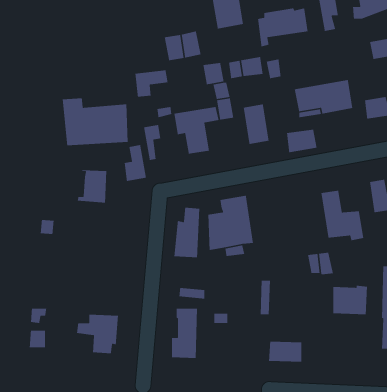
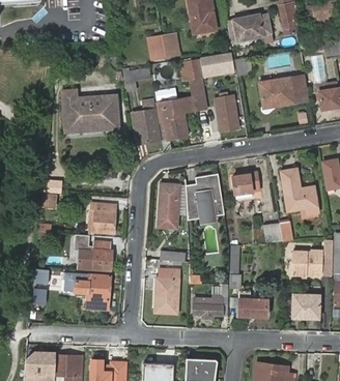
building: [286,129,318,153] -> [233,173,260,194]
building: [124,144,147,182] -> [140,111,160,143]
building: [77,169,107,203] -> [88,203,114,232]
building: none -> [78,240,112,269]
building: none -> [194,287,228,315]
building: none -> [292,294,319,319]

